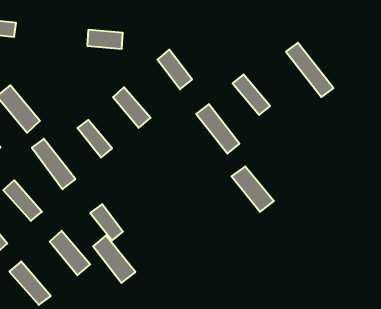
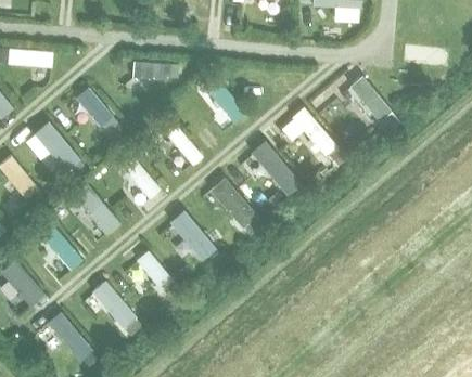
building: none -> [74,87,113,129]
building: [231,166,274,212] -> [209,179,256,229]
building: [93,235,135,283] -> [169,210,216,262]

